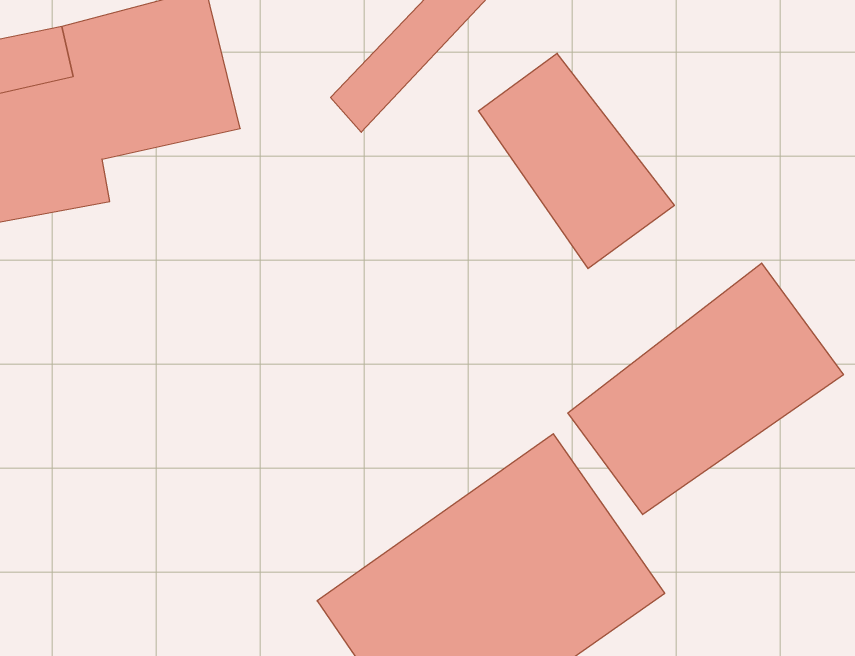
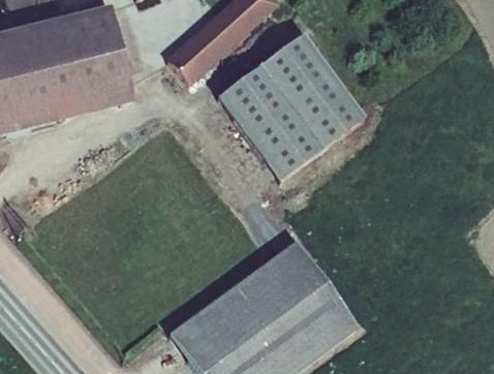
building: none -> [221,68,318,180]
building: none -> [57,77,135,117]
building: [568,263,843,515] -> none

